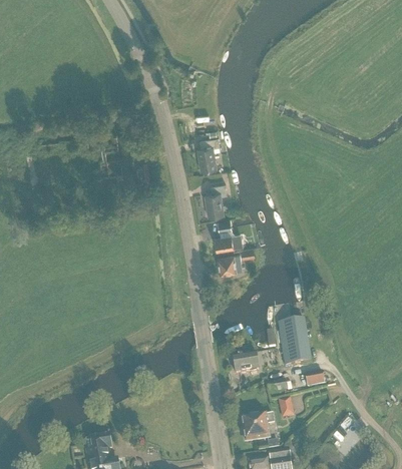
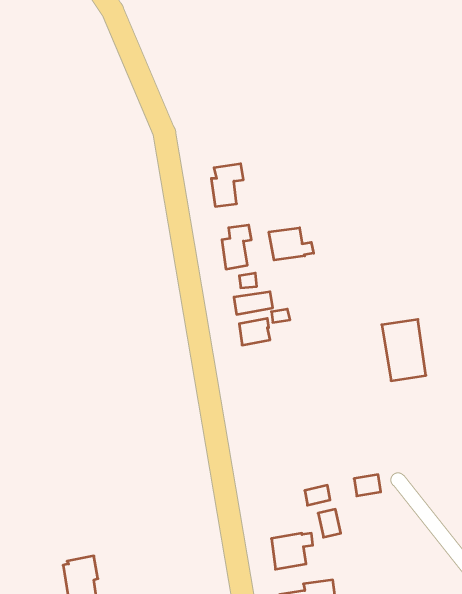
building: none -> [269,228,314,260]
building: [277,318,310,364] -> [382,319,426,381]
building: [233,351,258,372] -> none

